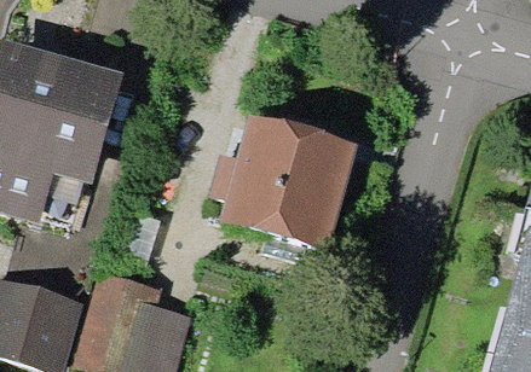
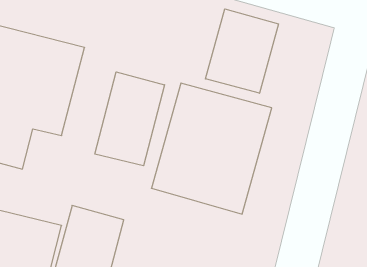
building: none -> [205,9,279,93]
building: none -> [95,72,165,166]

